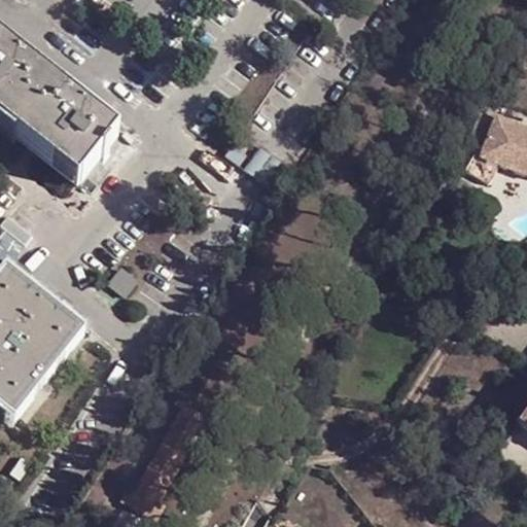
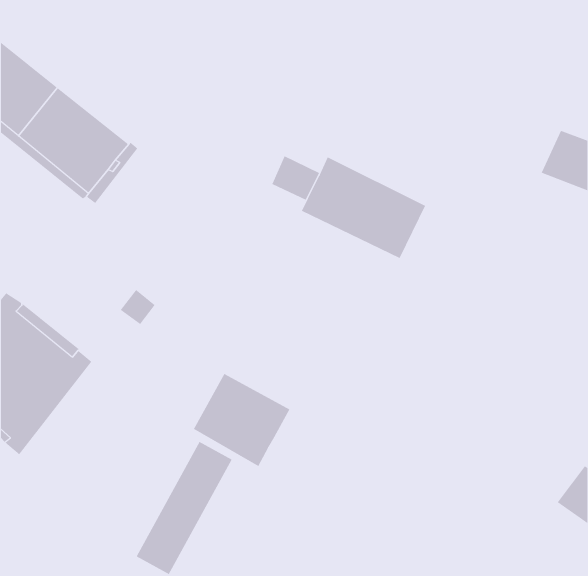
building: none -> [301,156,426,259]
building: none -> [193,373,290,467]

